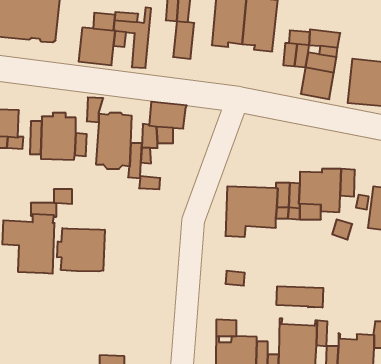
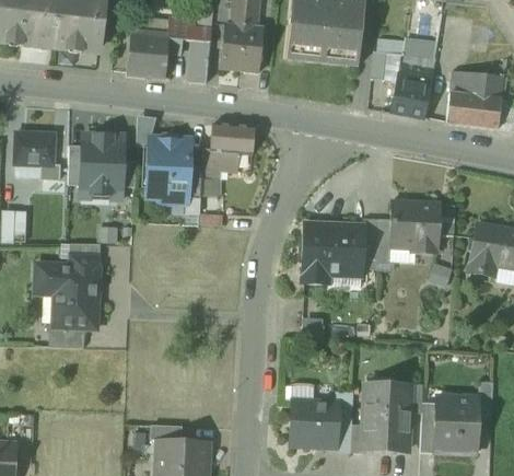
building: none -> [220,24,243,69]
building: [57,228,105,271] -> none
building: none -> [48,324,84,347]
building: [277,286,323,308] -> none

